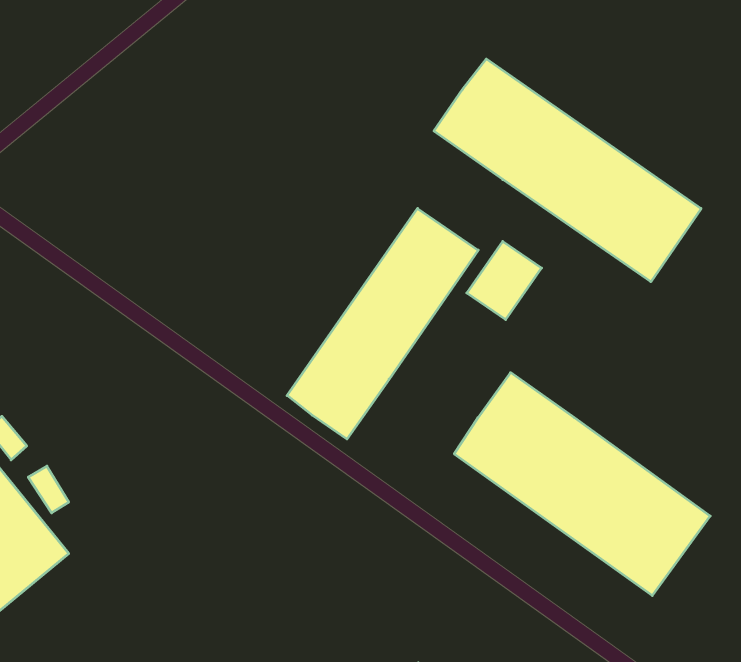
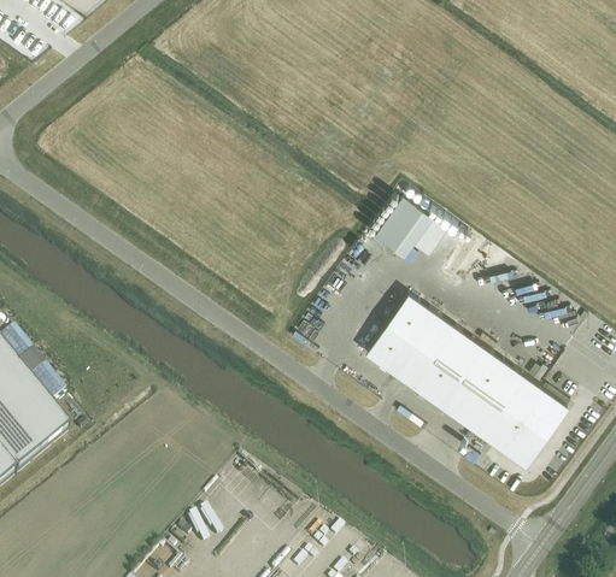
building: [434,59,701,282] -> none
building: [287,208,478,439] -> none

